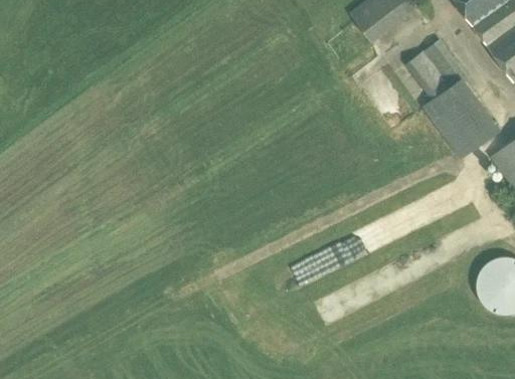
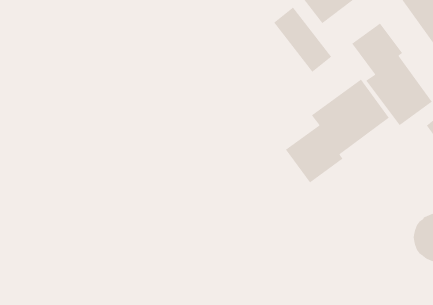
building: none -> [273,7,332,73]
building: none -> [285,79,390,183]

